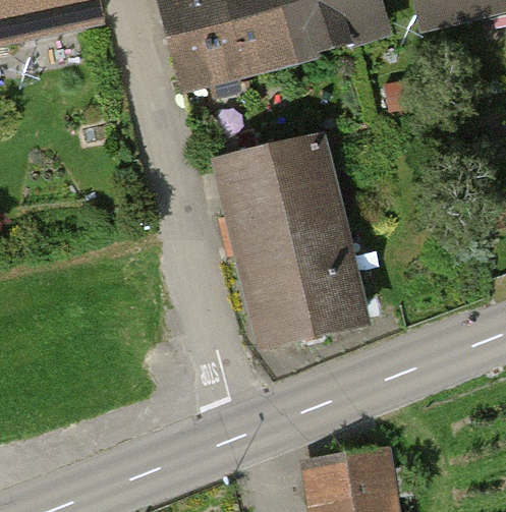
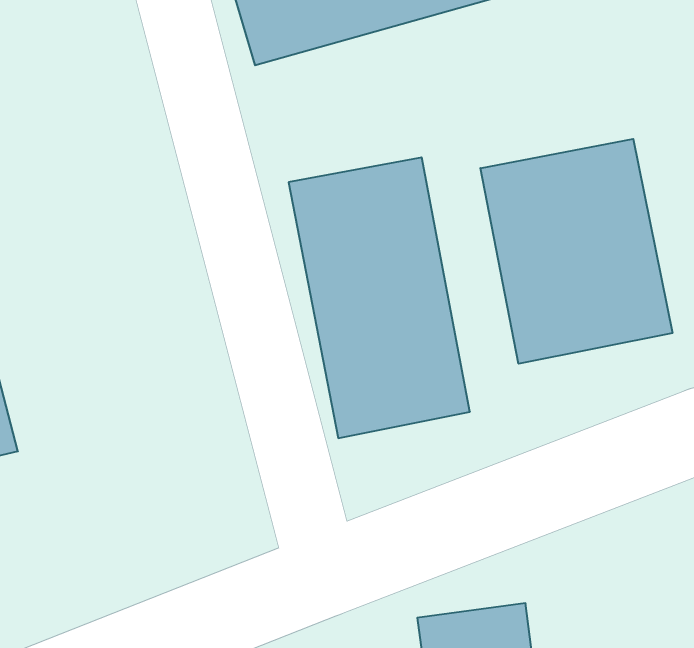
building: none -> [480,139,672,364]

